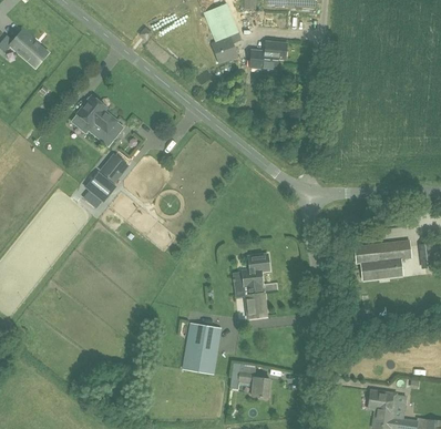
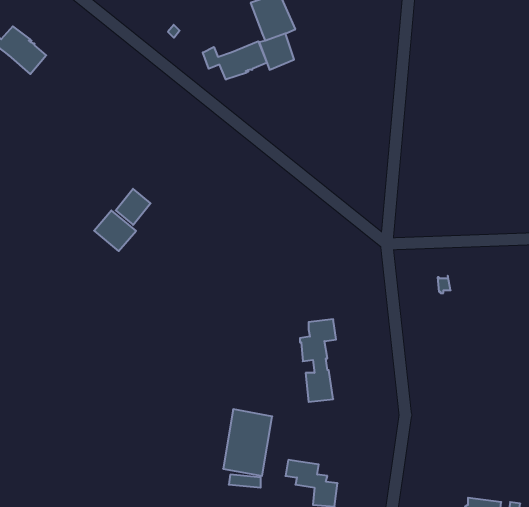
building: [249,41,286,69] -> none
building: none -> [203,41,267,80]
building: [78,95,117,133] -> none
building: [353,239,411,279] -> none

